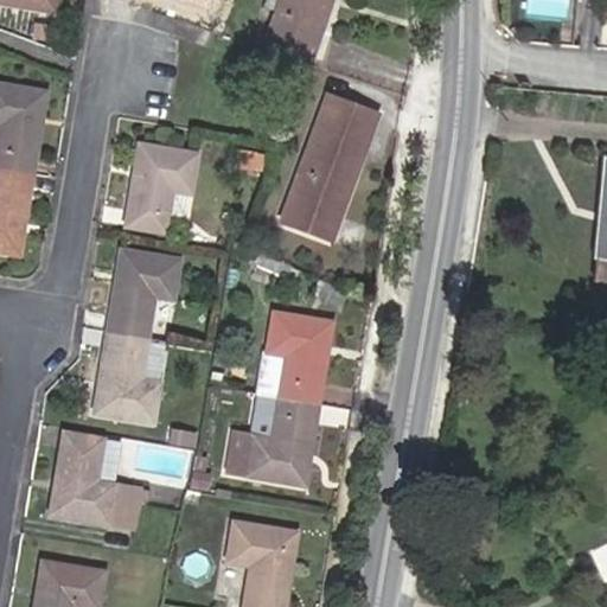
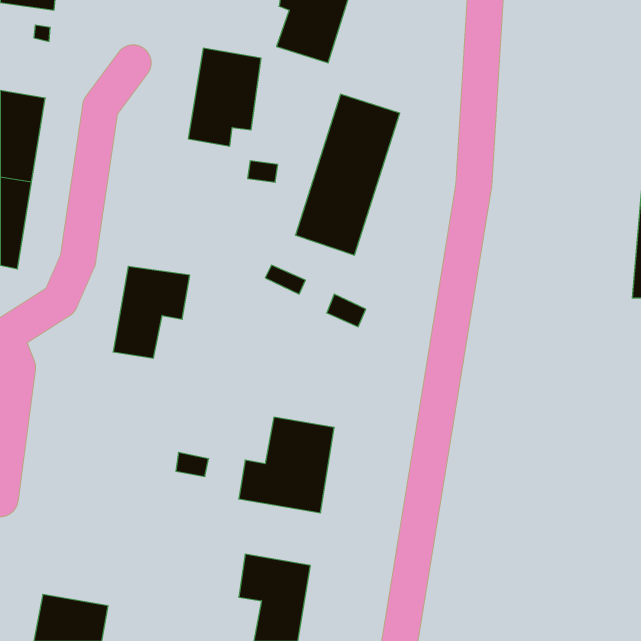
building: [124,143,193,236] -> [188,48,261,146]
building: [260,314,330,403] -> none
building: [95,332,165,421] -> none
building: [49,427,138,528] -> none

